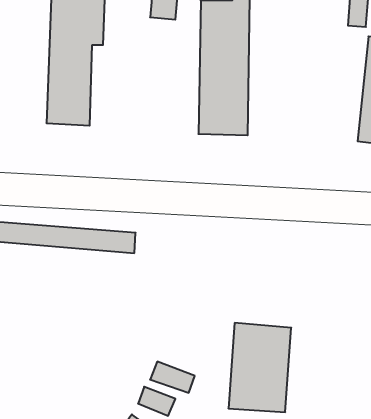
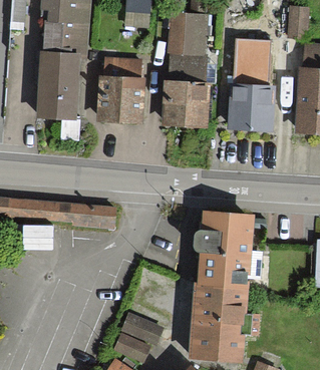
building: none -> [234,26,272,131]
building: none -> [102,58,141,120]
building: none -> [202,212,250,285]

